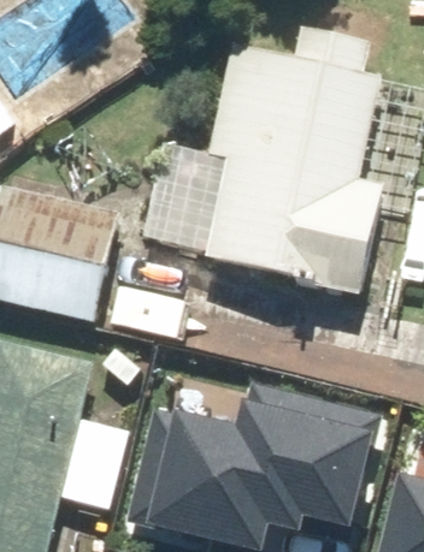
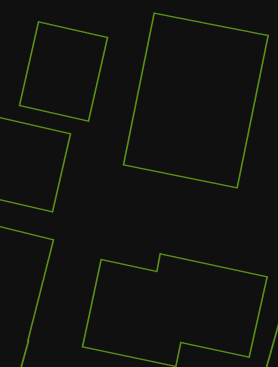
building: none -> [19,22,108,121]

